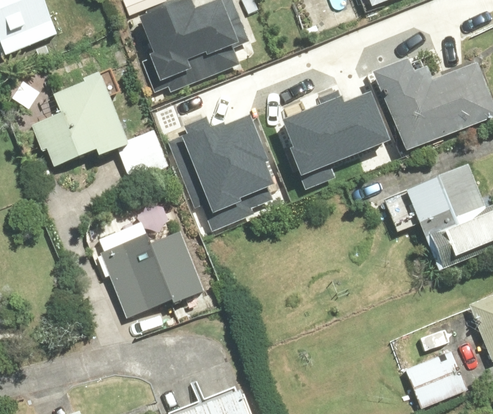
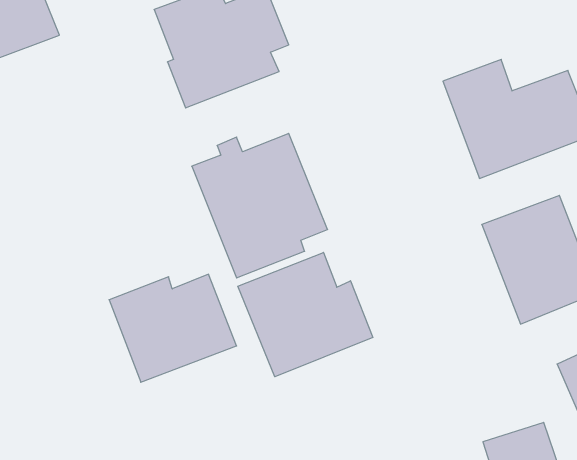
building: [30,71,126,171] -> none
building: [277,89,386,181] -> none
building: none -> [238,252,373,377]

